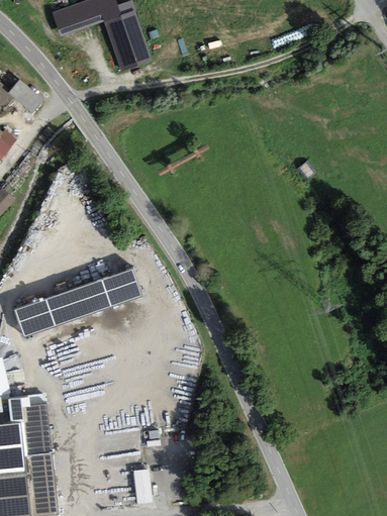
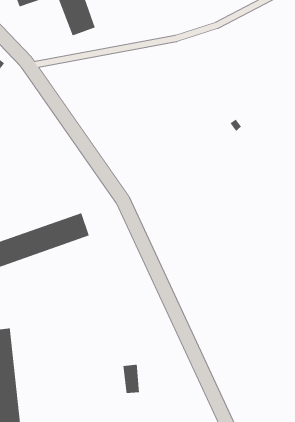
building: [132,469,153,503] -> [122,364,140,394]

